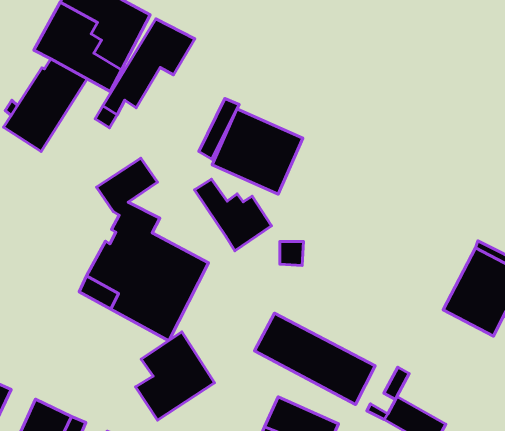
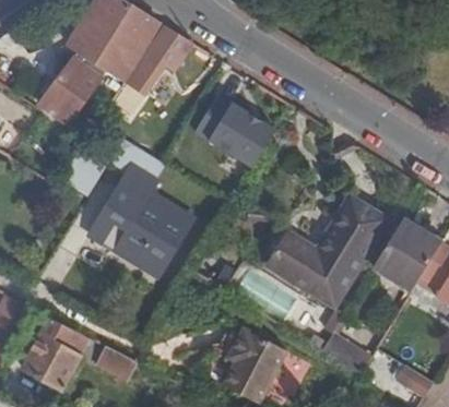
building: [195,179,272,251] -> none
building: none -> [269,199,385,304]
building: [135,332,214,420] -> none

